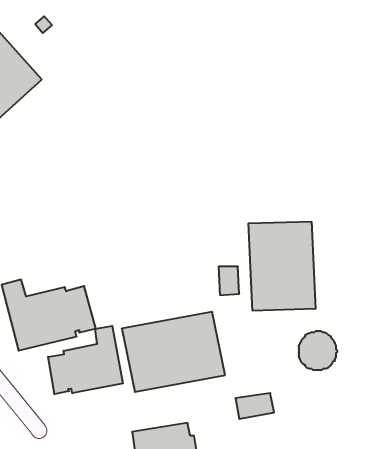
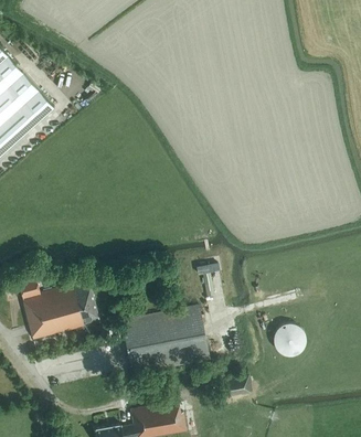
building: [249,222,315,311] -> none
building: [48,326,123,394] -> none

